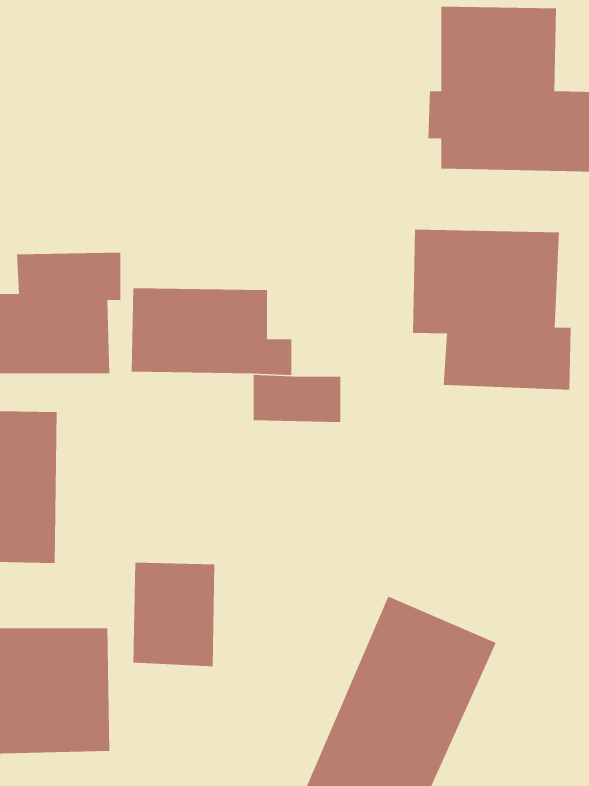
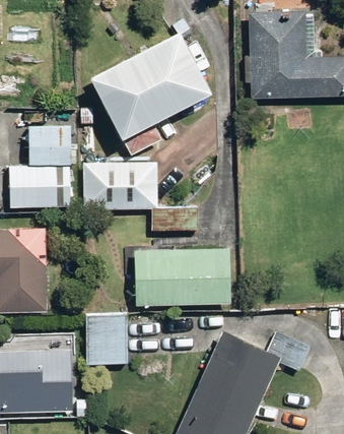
building: none -> [91,27,217,140]
building: [412,229,572,390] -> none
building: none -> [134,249,230,306]

